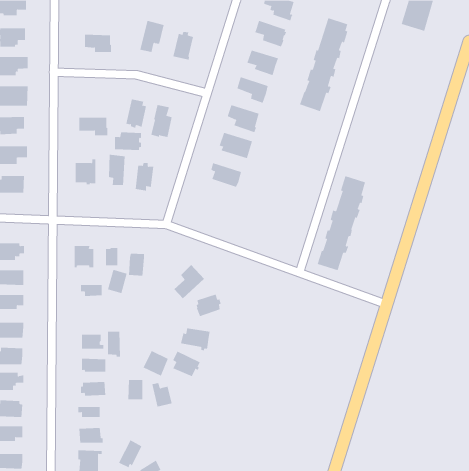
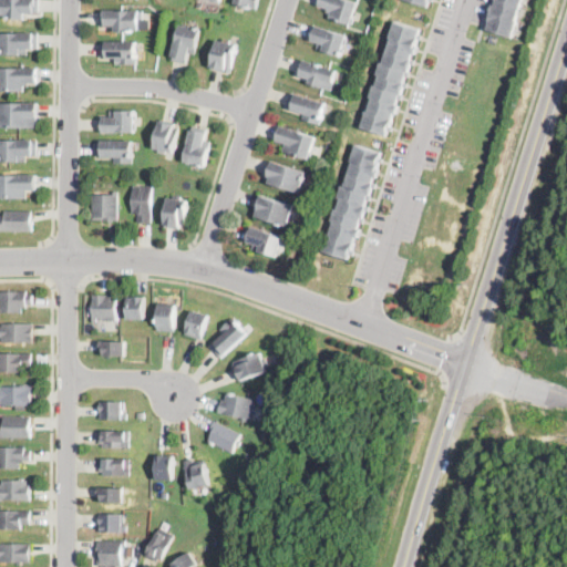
building: none -> [101,11,140,32]
building: [114,132,142,150] -> [100,112,133,134]
building: [317,176,366,271] -> [320,144,379,258]
building: none -> [240,226,280,259]
building: [107,269,128,294] -> [182,310,206,340]
building: [108,331,121,358] -> none
building: [143,350,169,377] -> none

